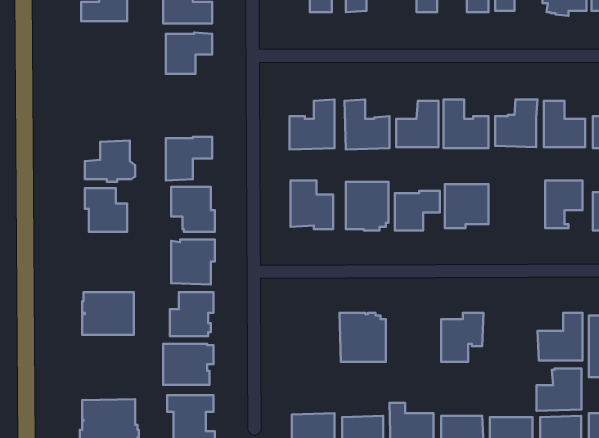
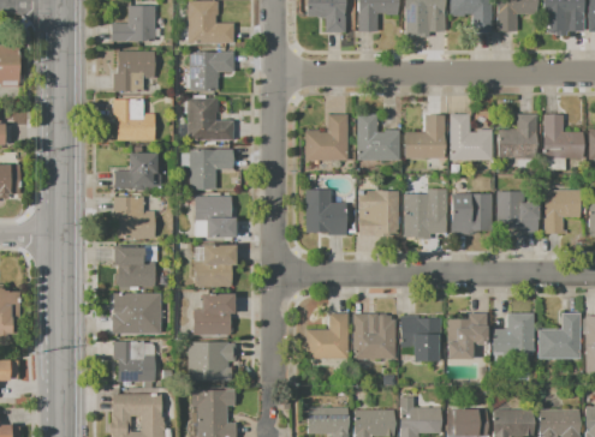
building: none -> [113,52,154,91]
building: none -> [188,98,233,140]
building: none -> [113,100,154,140]
building: none -> [496,191,539,233]
building: none -> [113,245,155,286]
building: none -> [305,313,347,359]
building: none -> [400,316,440,361]
building: none -> [113,341,154,382]
building: [536,368,581,411] -> [492,313,534,353]

